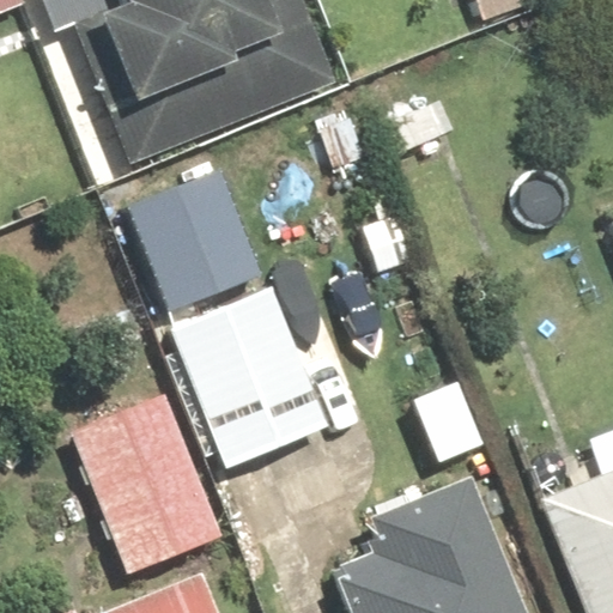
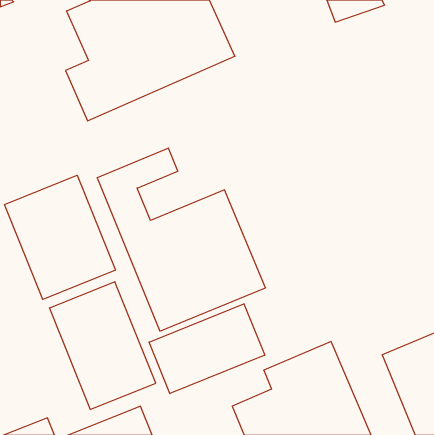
building: none -> [5,175,115,299]
building: none -> [149,304,265,394]

